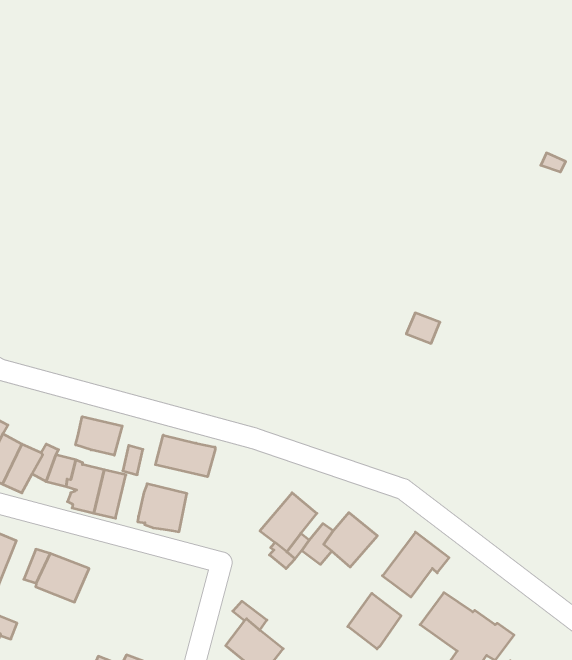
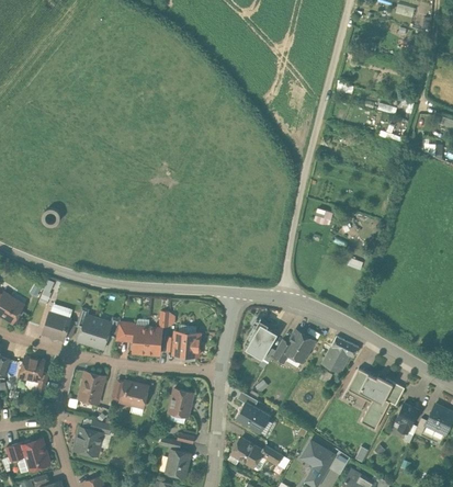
building: [76,417,122,455] -> none
building: [155,435,215,477] -> none
building: none -> [169,388,193,417]
building: [348,593,401,649] -> none

